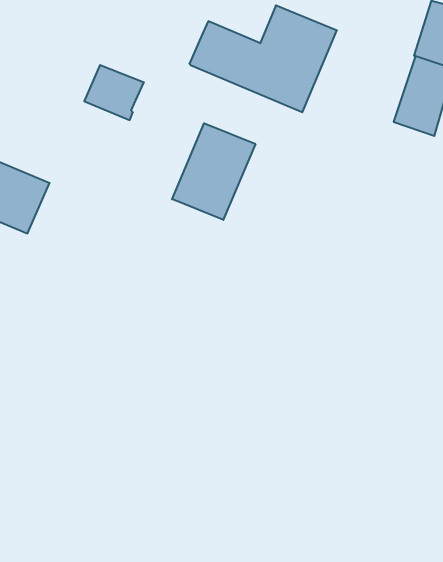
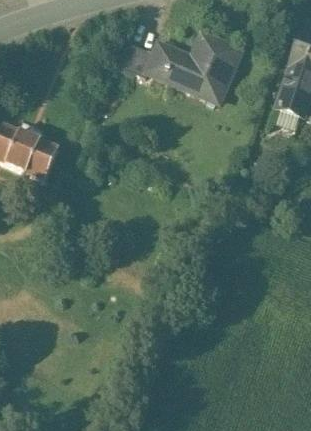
building: [84,65,144,120] -> [116,42,154,77]
building: [172,123,255,220] -> none

